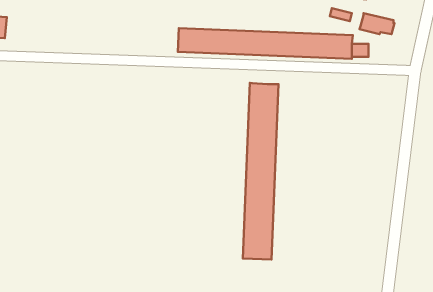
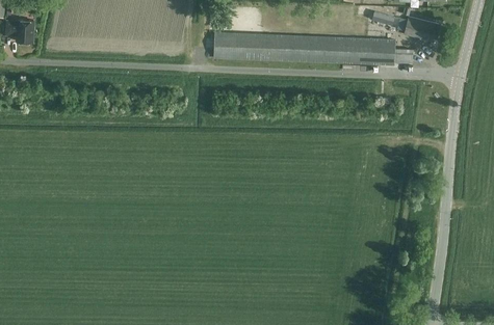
building: [243,83,278,260] -> none

